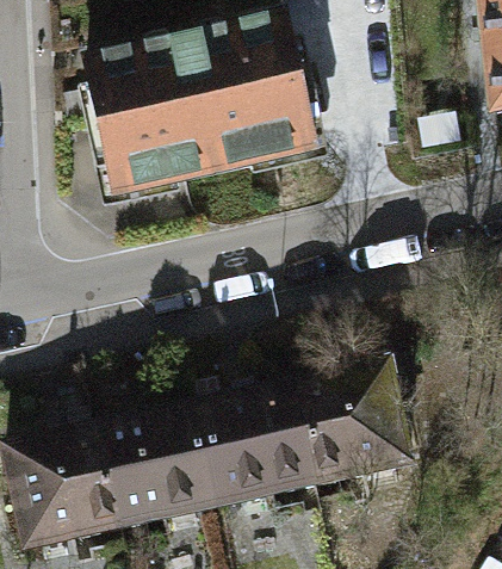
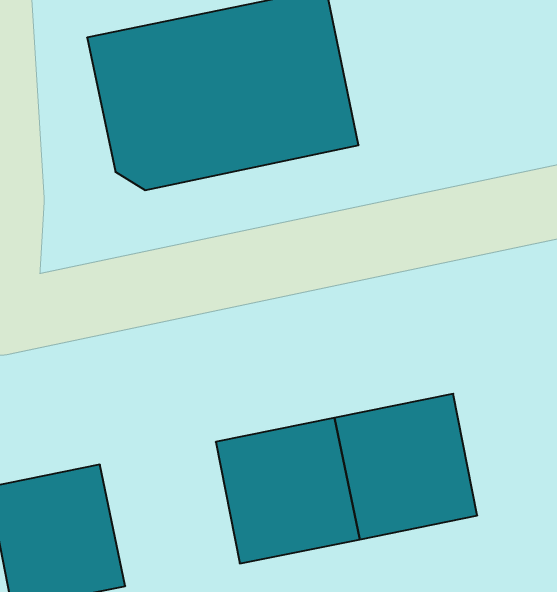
building: [95,406,213,527] -> none

